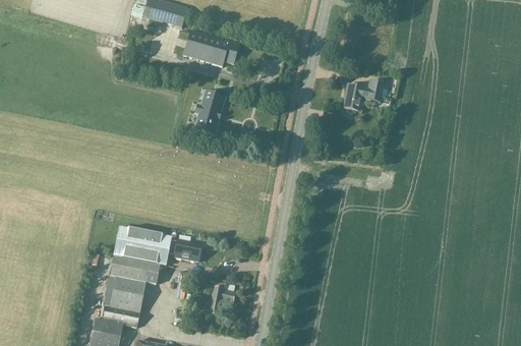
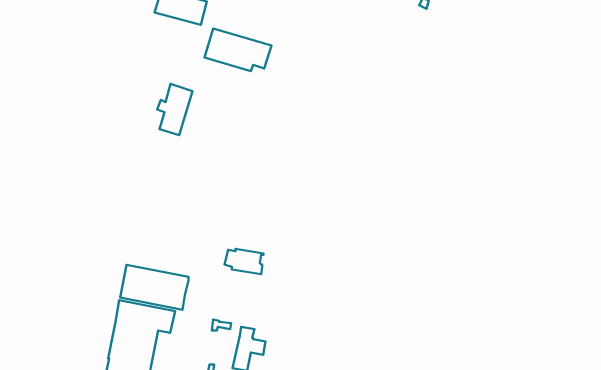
building: [344,80,389,113] -> none
building: [194,90,224,132] -> [157,84,192,135]
building: [168,239,200,261] -> [224,249,263,274]

